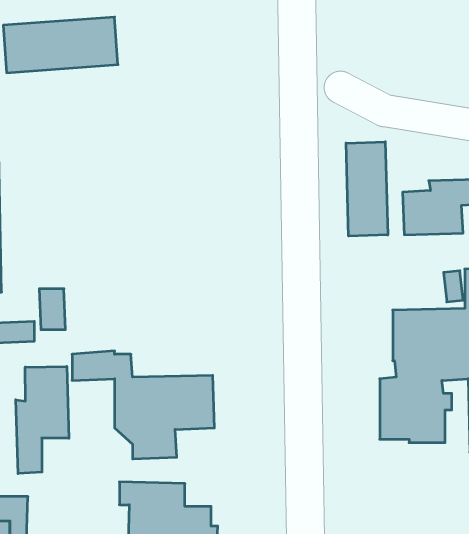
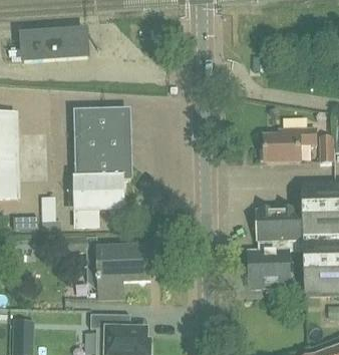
building: [346,142,388,236] -> none
building: none -> [68,110,129,226]
building: [16,366,69,474] -> none

